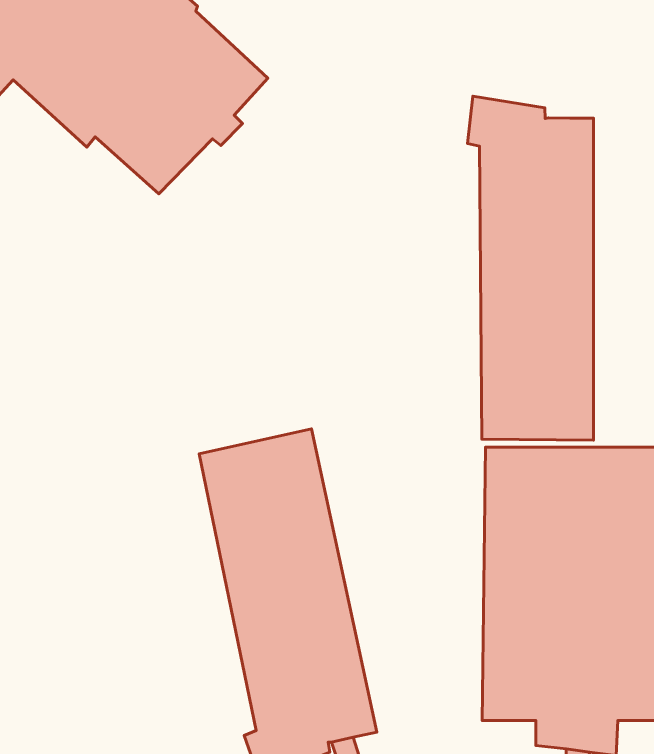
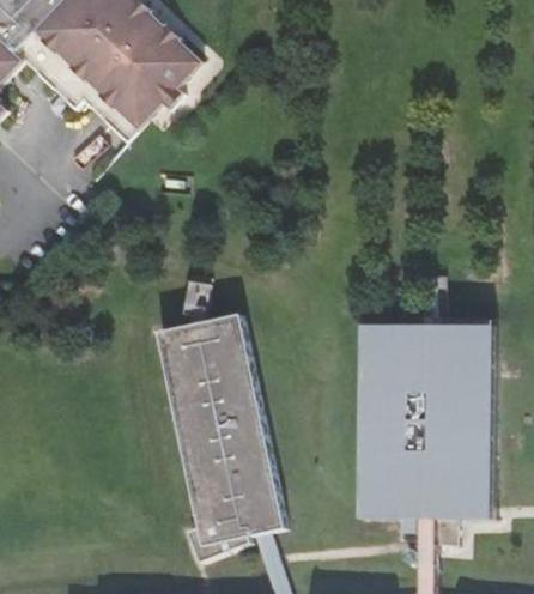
building: [467,96,593,440] -> none

